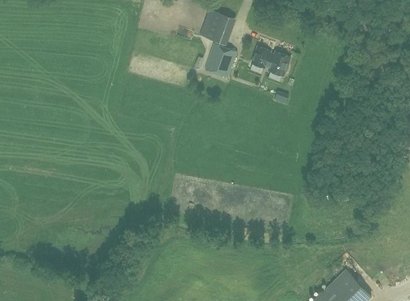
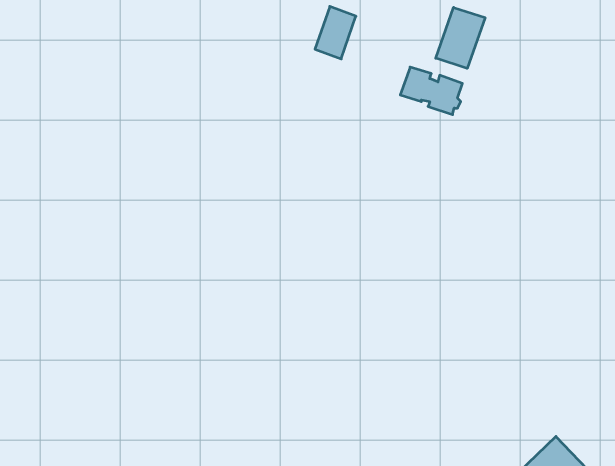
building: none -> [436,7,485,68]
building: [206,43,237,76] -> none

